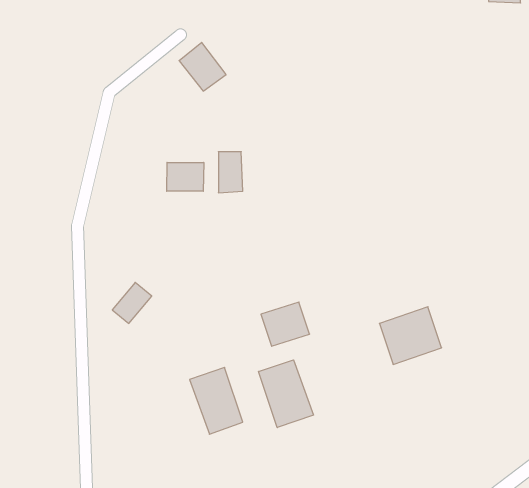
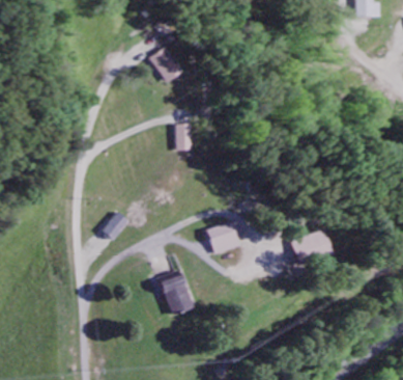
building: [167,162,204,191] -> none
building: [259,360,313,428] -> none

